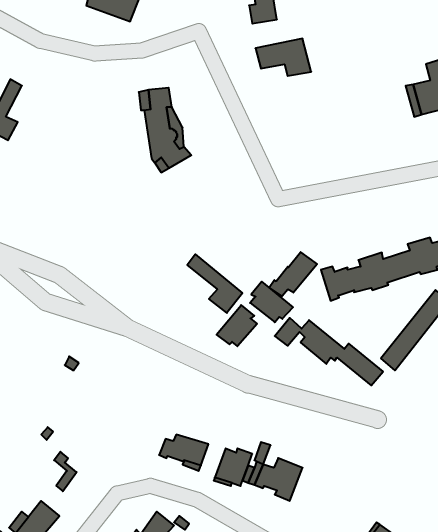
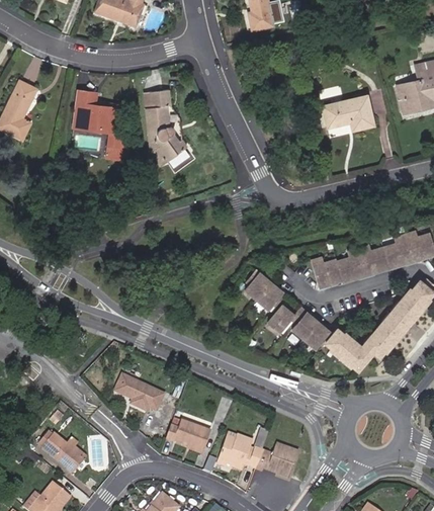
building: [255,39,311,76] -> [324,96,376,132]
building: none -> [71,92,126,162]
building: [269,252,317,296] -> none
building: [187,254,242,313] -> none
building: [217,305,257,346] -> none
building: none -> [113,372,162,407]
building: none -> [37,430,75,465]

